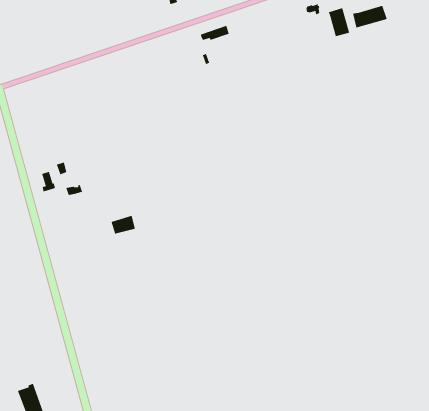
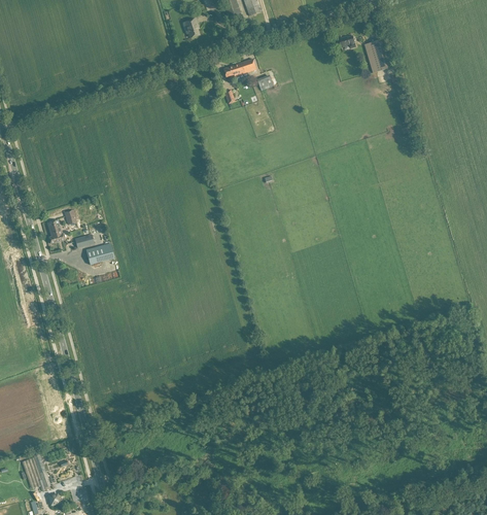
building: [352,5,388,29] -> none
building: [111,215,136,235] -> [85,242,113,264]

